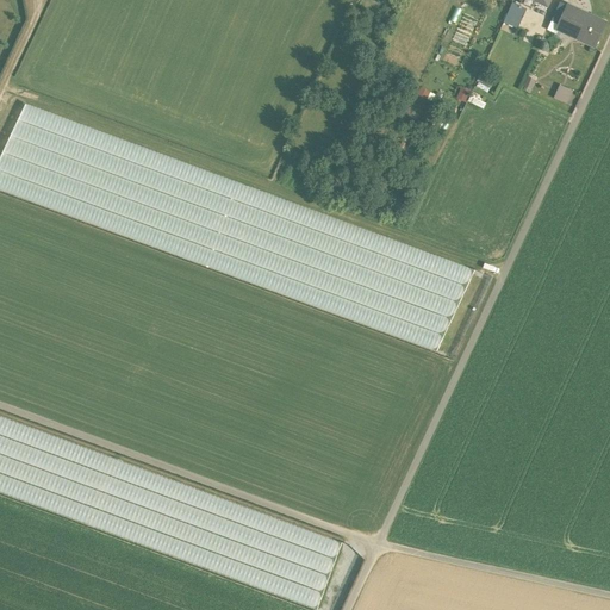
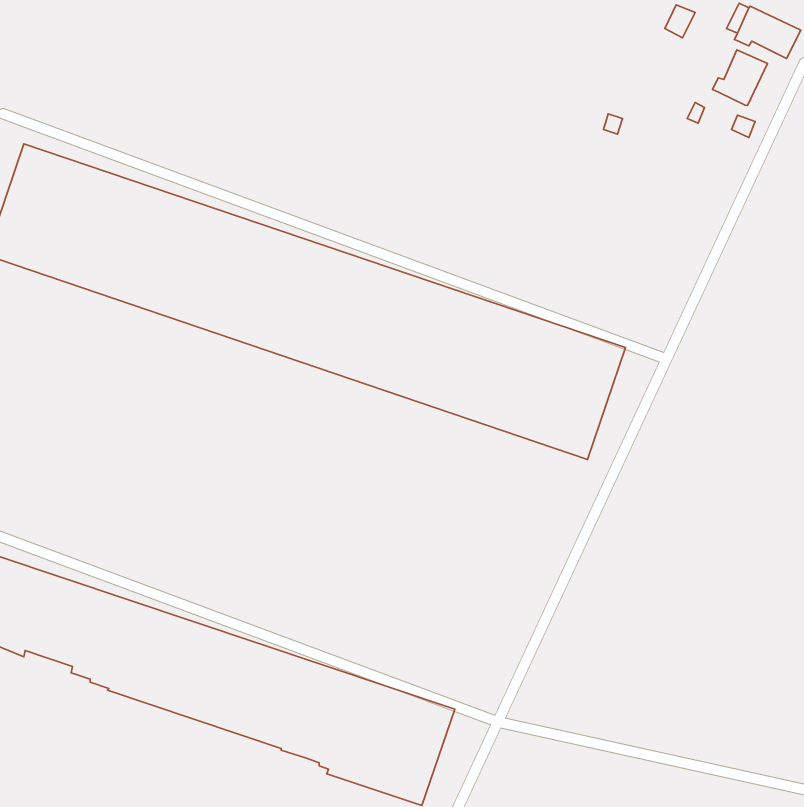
building: none -> [712,50,767,106]

